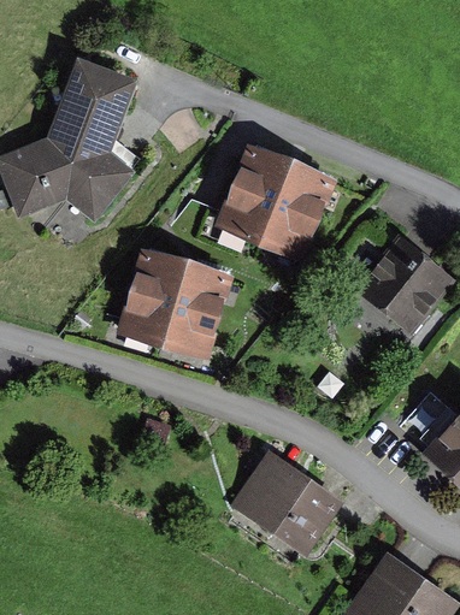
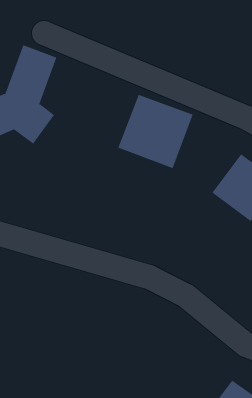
building: [126,250,225,351] -> none
building: [235,461,335,558] -> none

